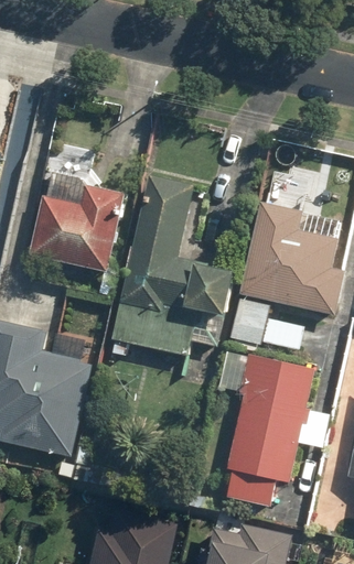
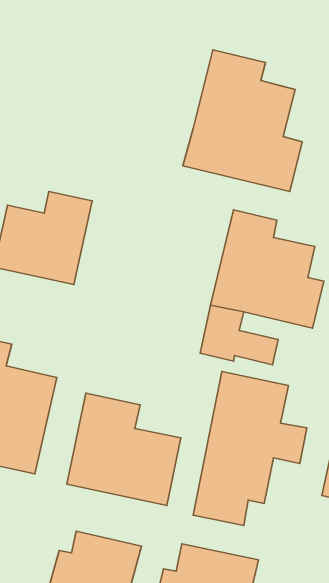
building: none -> [183,50,302,192]
building: [112,175,238,355] -> none
building: none -> [67,393,181,506]

